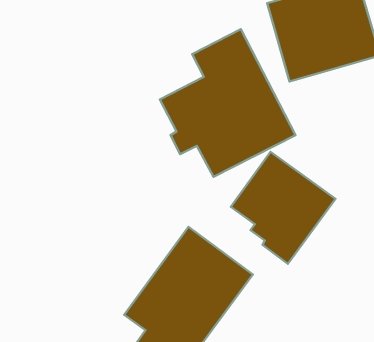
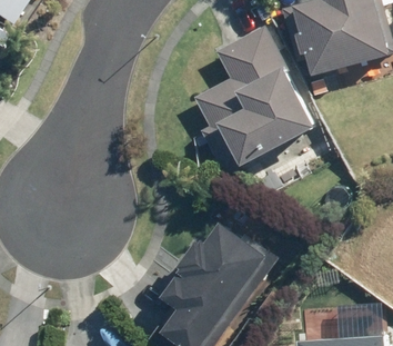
building: [231,152,335,264] -> none

